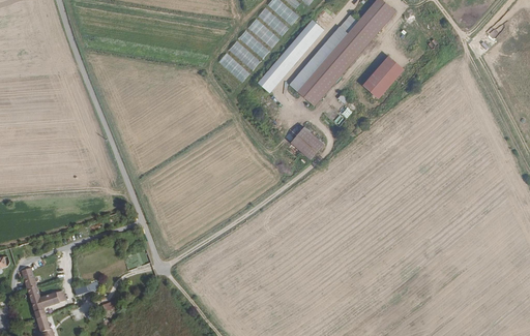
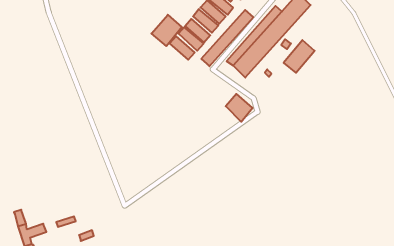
building: none -> [151,15,182,46]

